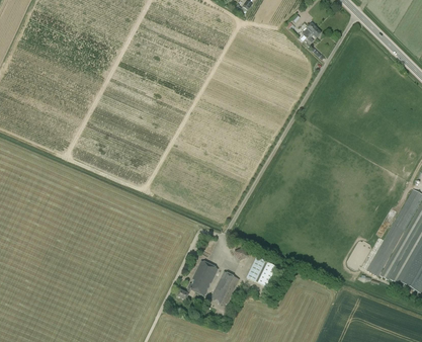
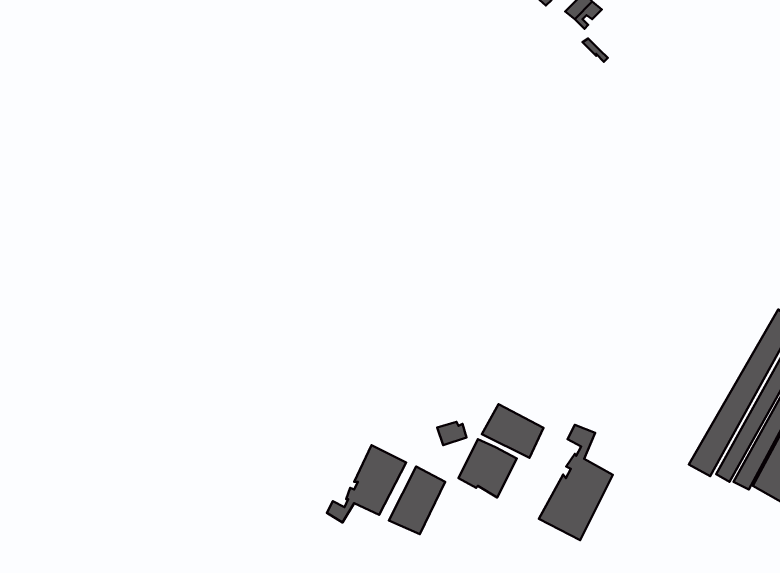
building: none -> [482,404,544,458]
building: none -> [539,425,613,540]

